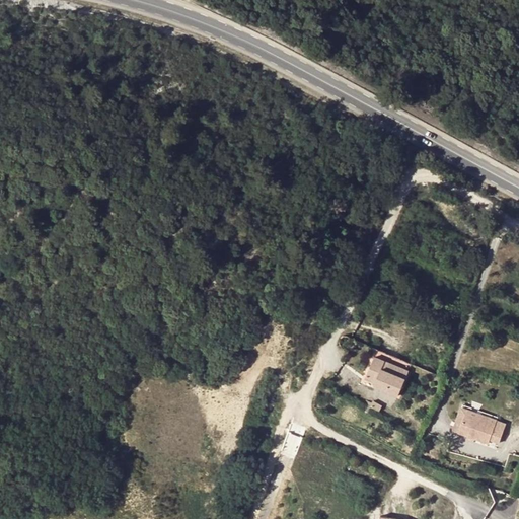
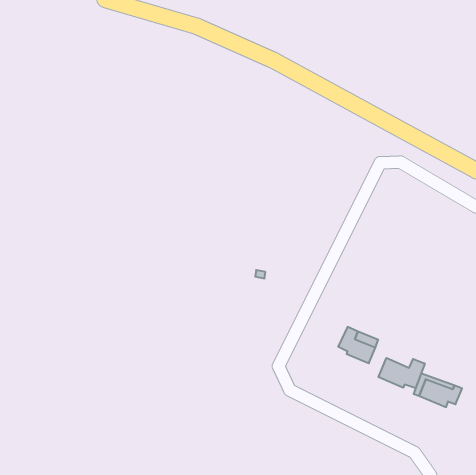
building: none -> [378,358,425,388]

